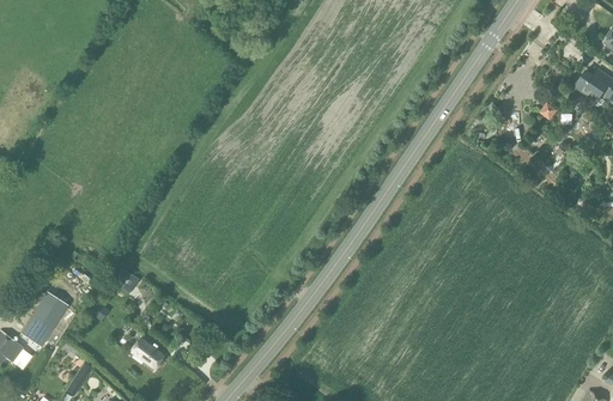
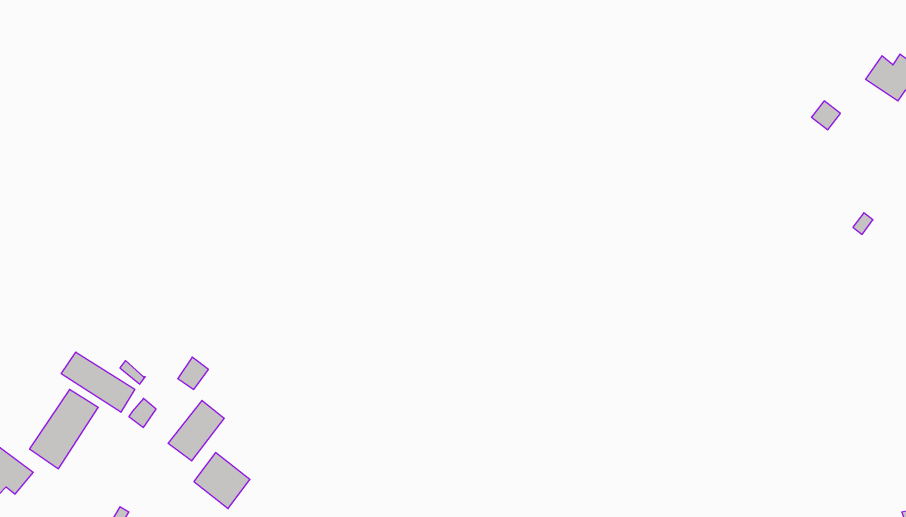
building: none -> [61,352,135,412]
building: none -> [168,400,224,461]

